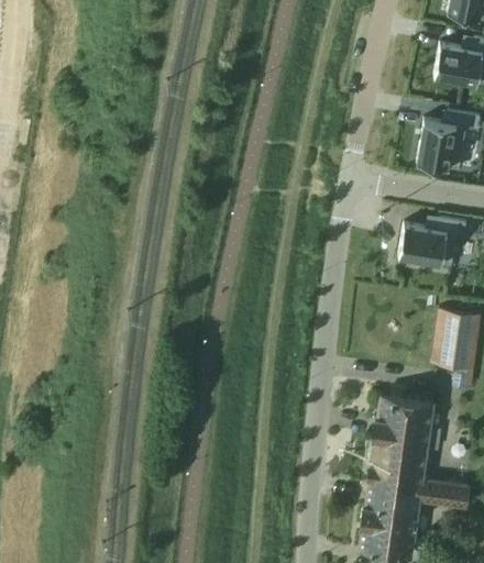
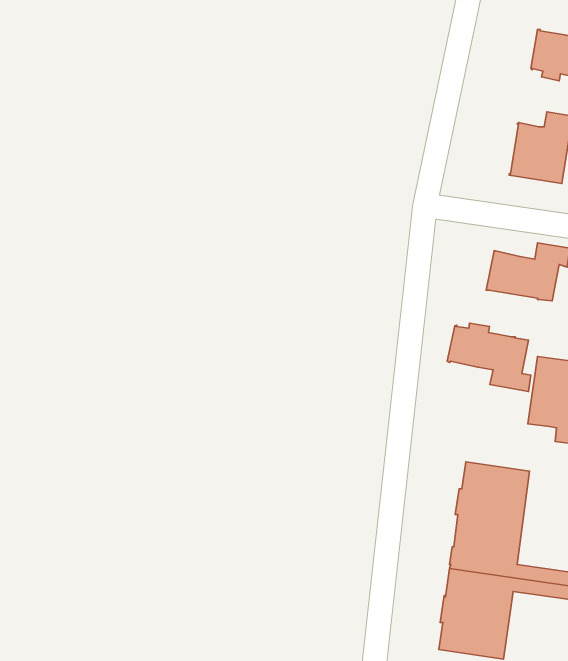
building: none -> [447,323,531,392]

